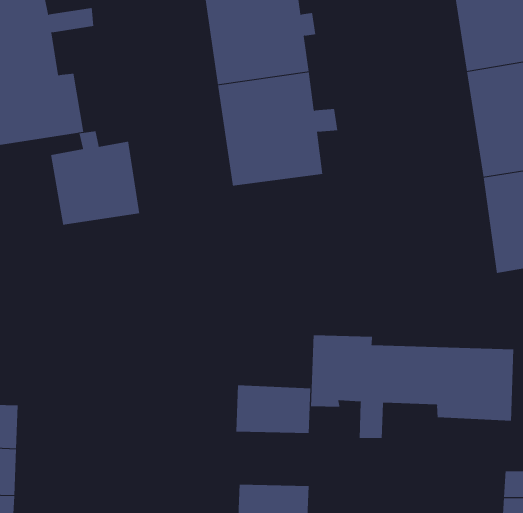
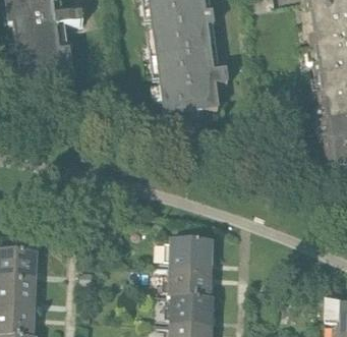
building: [51,130,140,226] -> none
building: [311,334,514,439] -> none
building: none -> [168,264,213,296]

